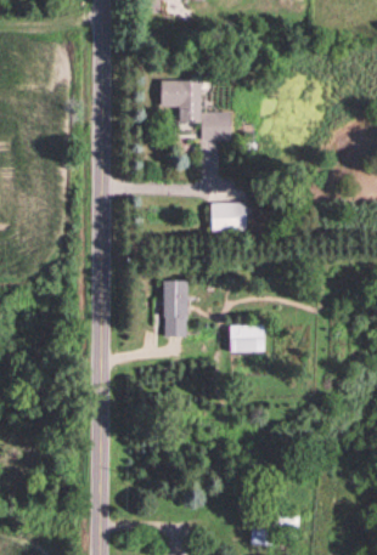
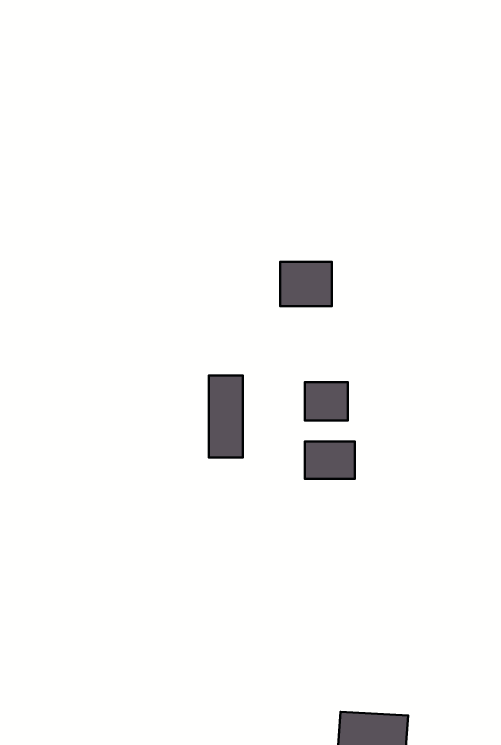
building: [162,80,232,141] -> none
building: none -> [305,382,348,421]

